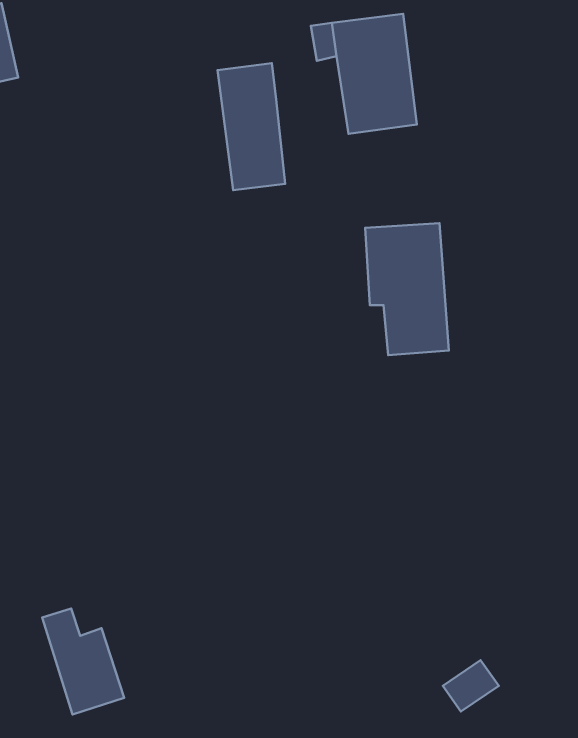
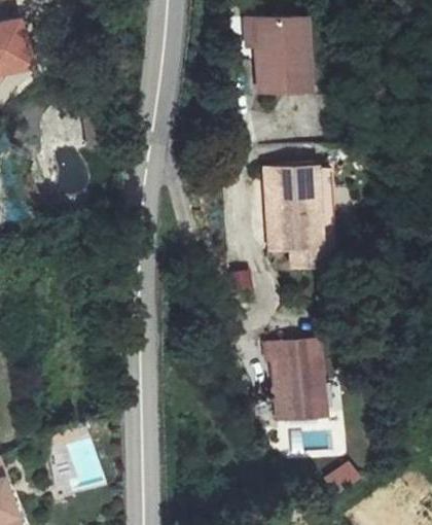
building: [218,63,285,190] -> none
building: none -> [265,347,321,427]

